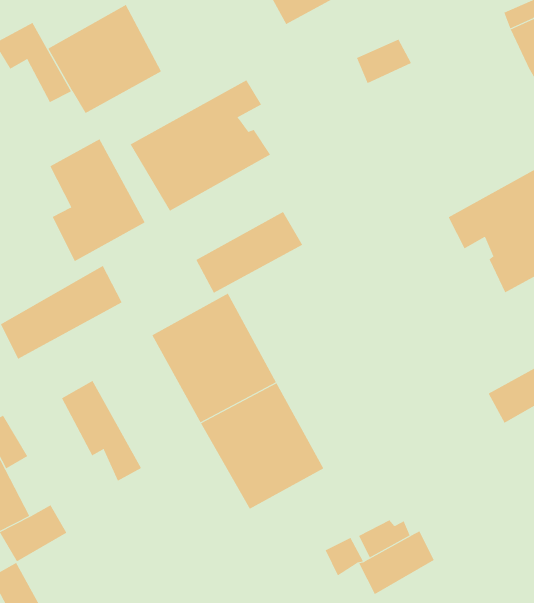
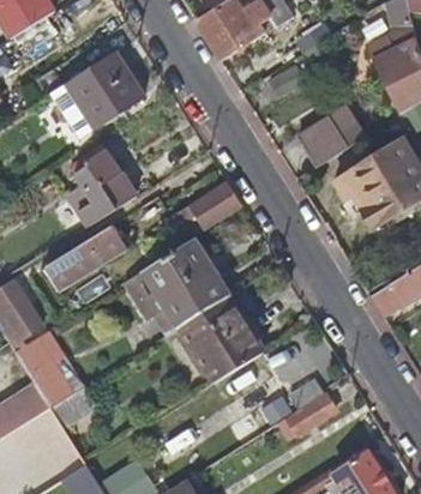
building: [130,80,271,212] -> none
building: none -> [296,106,365,167]
building: [61,380,142,481] -> [124,270,180,336]

